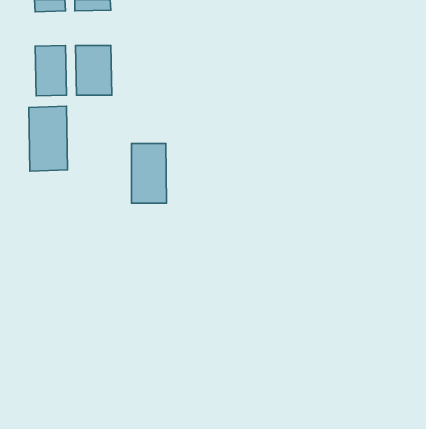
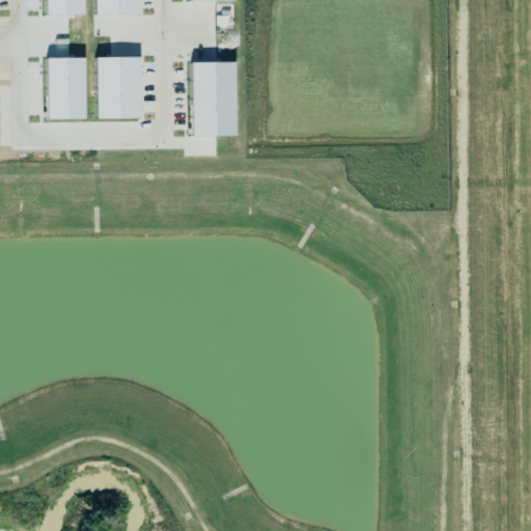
building: [29,106,68,171] -> none
building: [131,144,167,203] -> [193,61,236,135]

